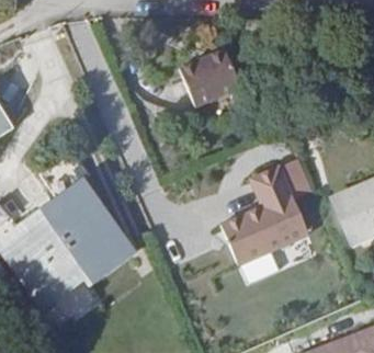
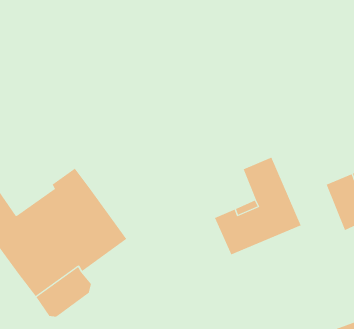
building: [180,48,240,103] -> none

